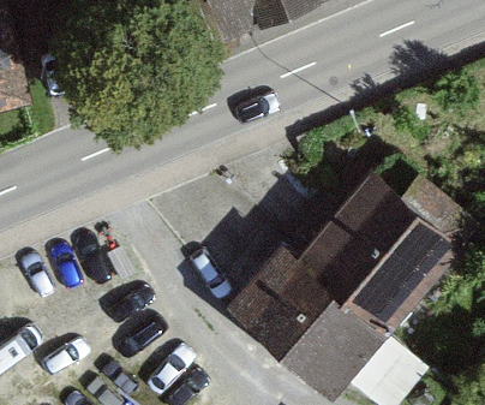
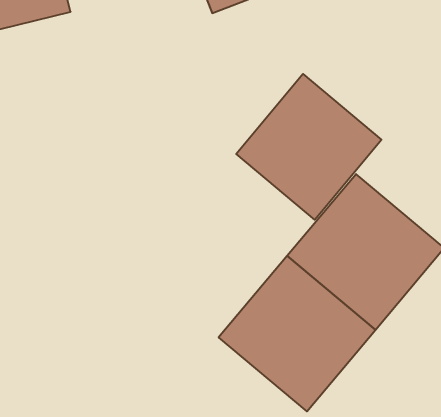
building: none -> [236,74,381,220]

